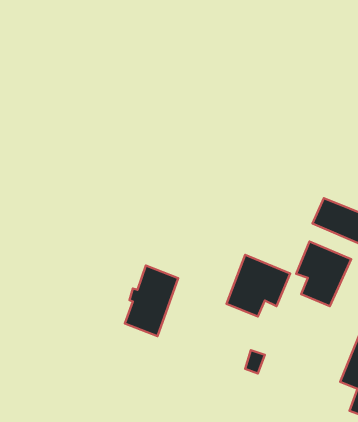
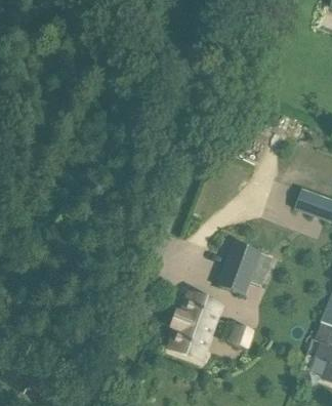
building: [296,241,351,306] -> none
building: [125,265,178,336] -> [169,293,216,356]

